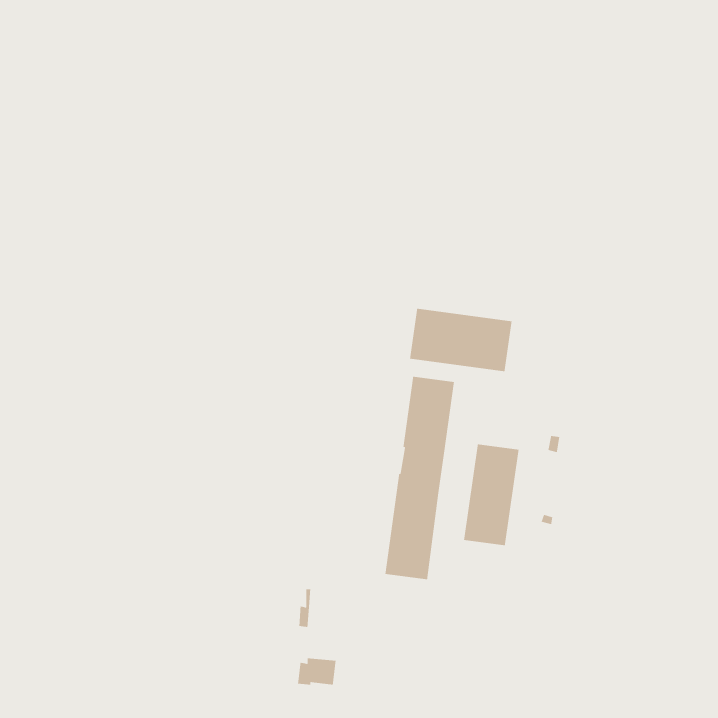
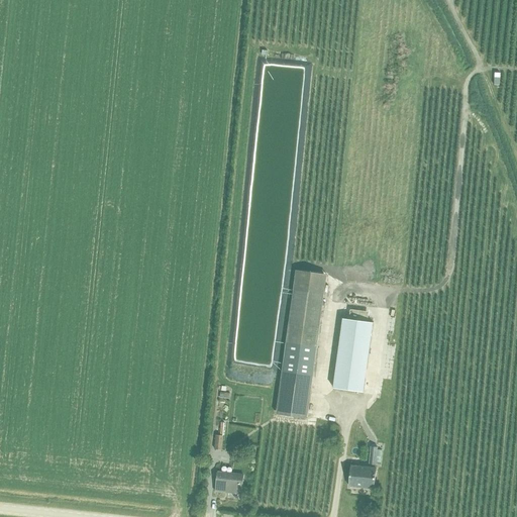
building: [409,308,512,372] -> none
building: none -> [346,445,376,488]

